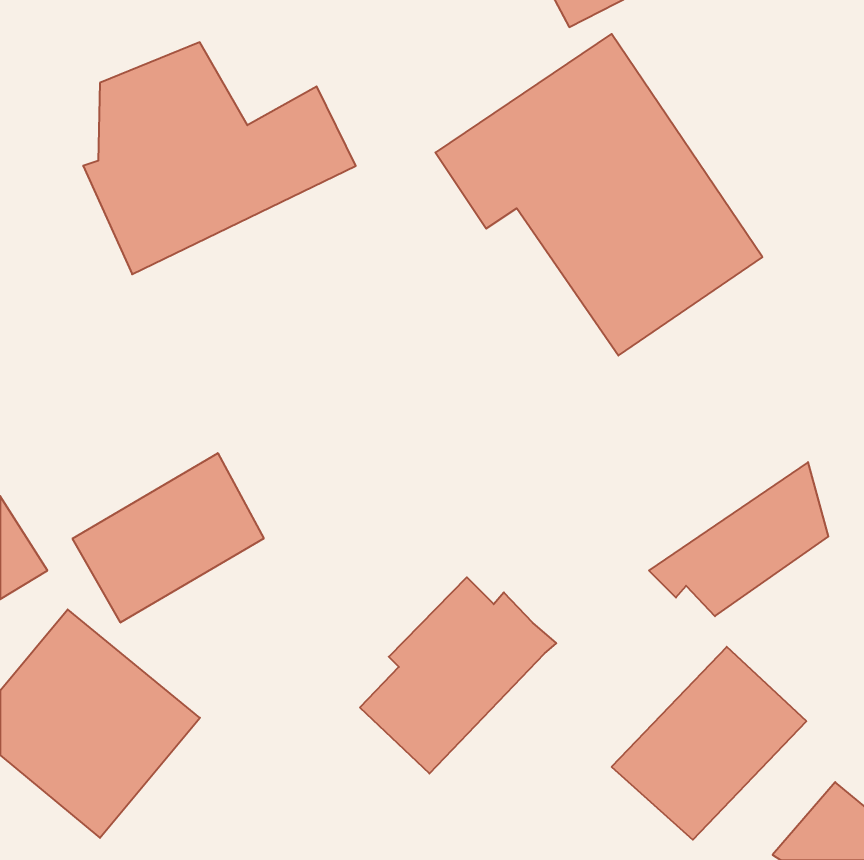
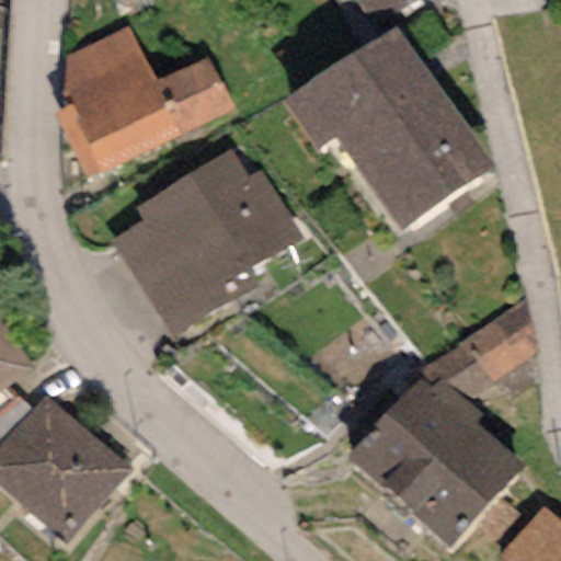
building: none -> [112,148,302,337]
building: [73,453,264,623] -> none
building: [360,577,556,774] -> [352,369,479,496]

